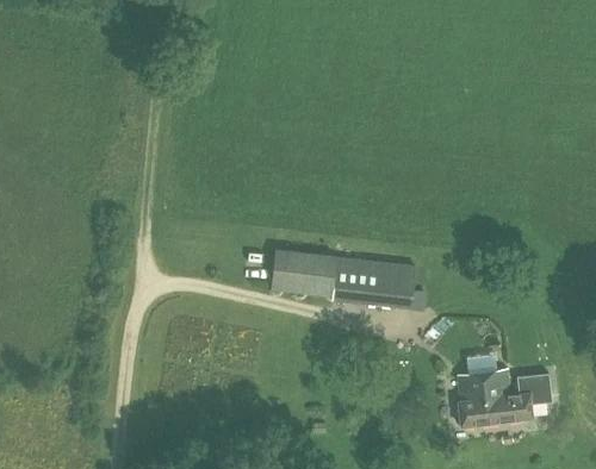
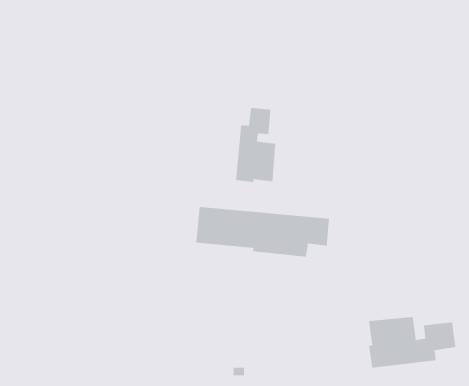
building: none -> [236,107,276,183]

